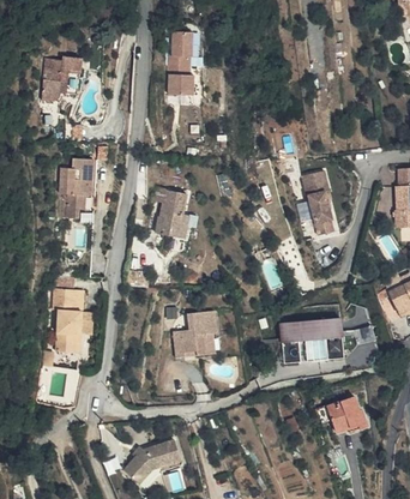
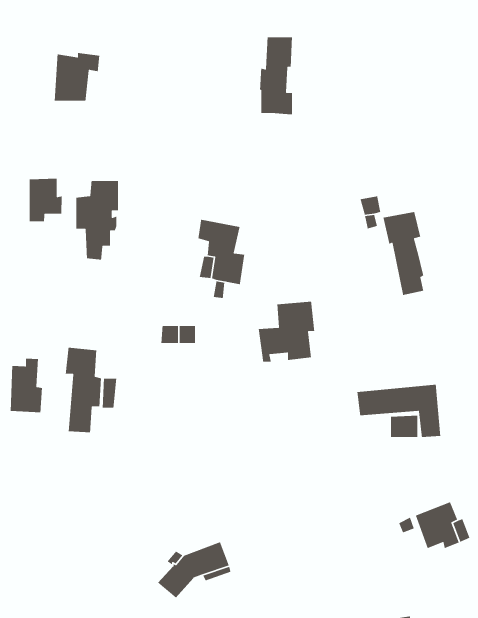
building: [169,25,195,86] -> [259,37,293,115]
building: none -> [29,178,62,222]
building: none -> [10,358,43,413]
building: [175,305,219,353] -> [258,301,315,363]

